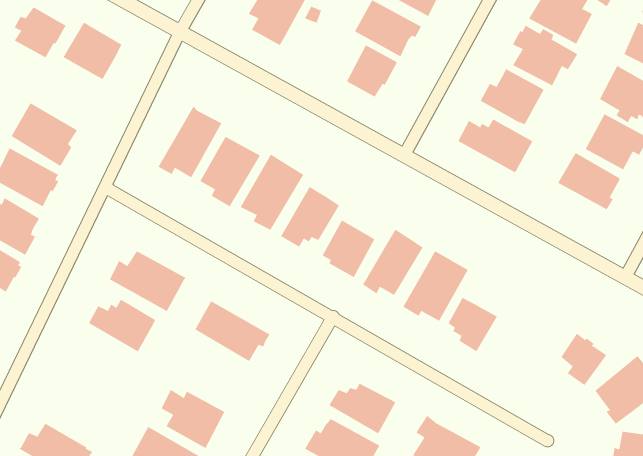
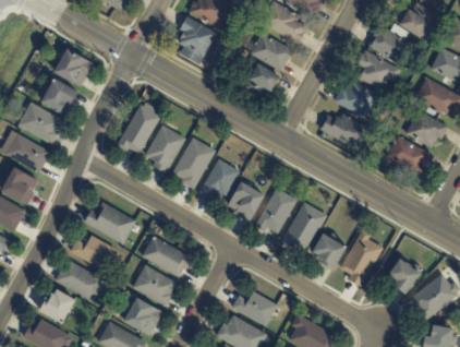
building: [14,7,67,58] -> [43,79,78,113]
building: none -> [340,229,383,286]
building: none -> [56,259,109,301]
building: none -> [132,265,177,307]
building: none -> [37,289,74,323]

